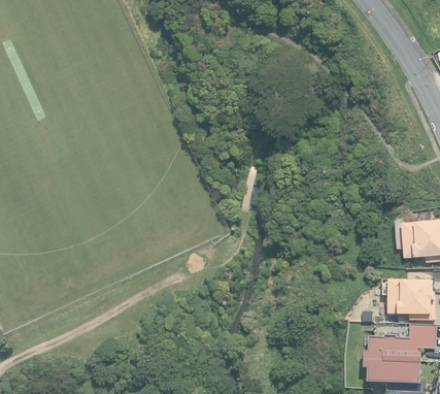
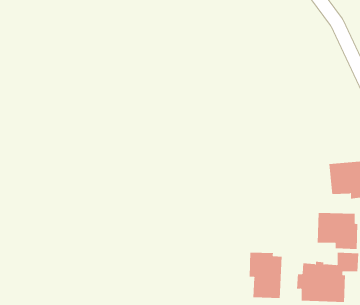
building: none -> [249,252,282,299]

